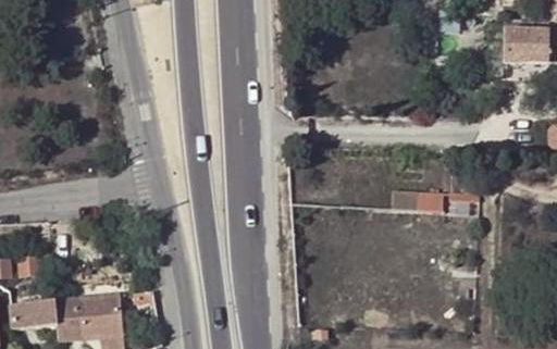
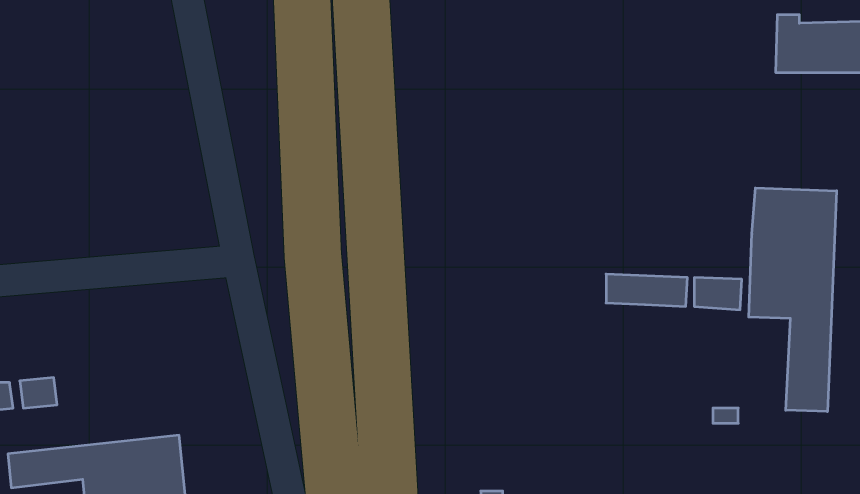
building: none -> [749,188,837,412]

